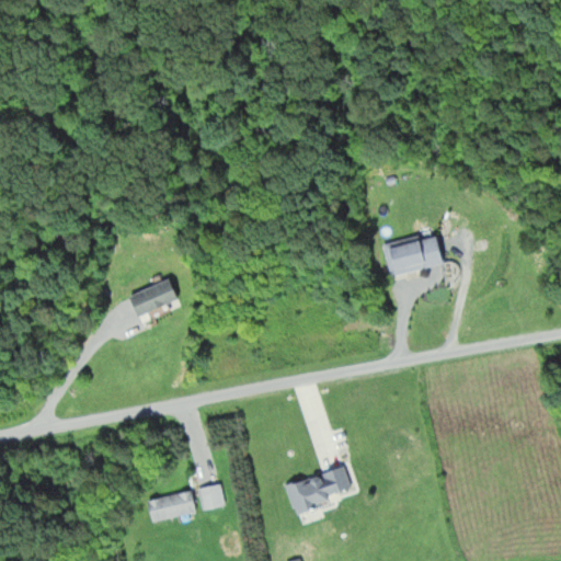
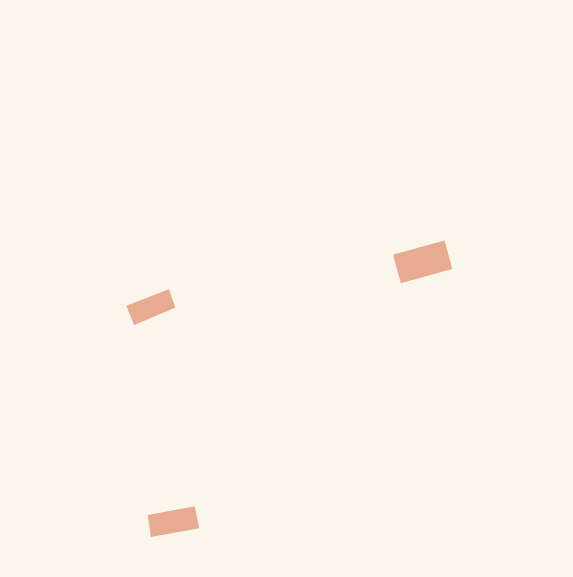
building: [287,468,351,507] -> none
building: [198,483,226,511] -> none

